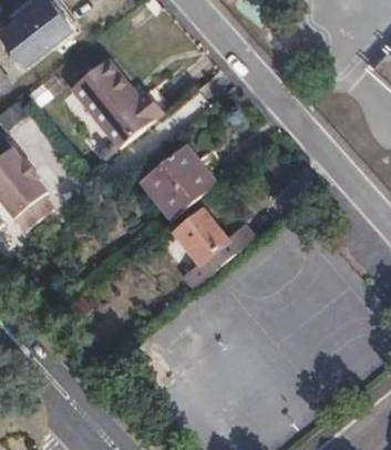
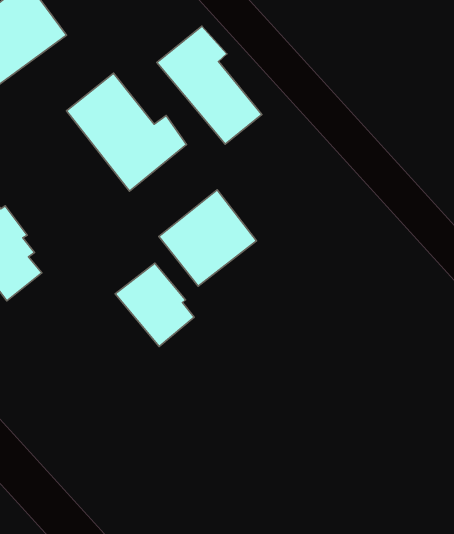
building: none -> [157,26,262,144]
building: [174,214,234,277] -> [115,263,194,346]

